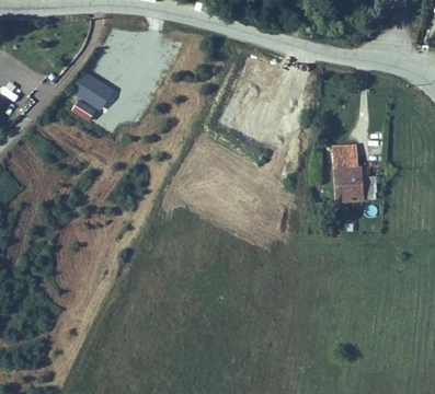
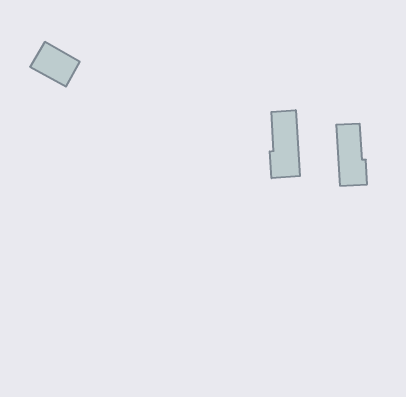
building: none -> [270,110,300,178]

